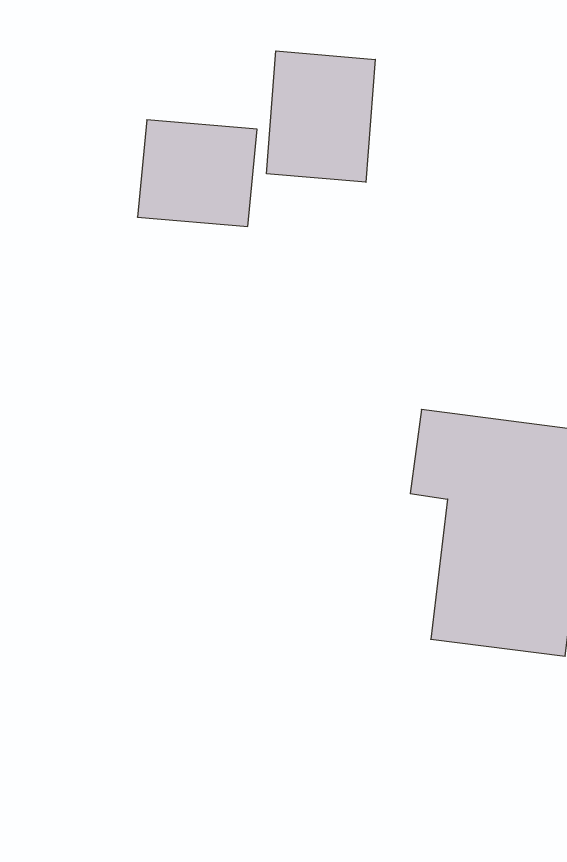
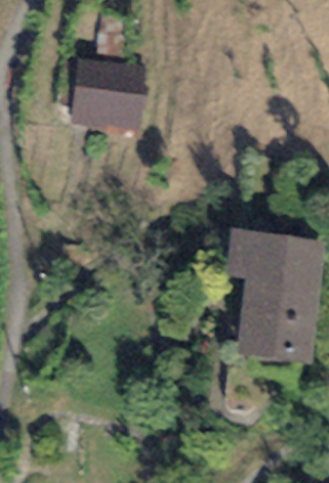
building: [267,51,375,182] -> none

